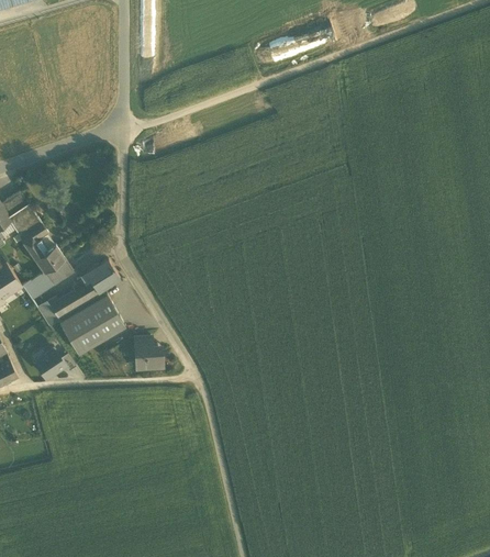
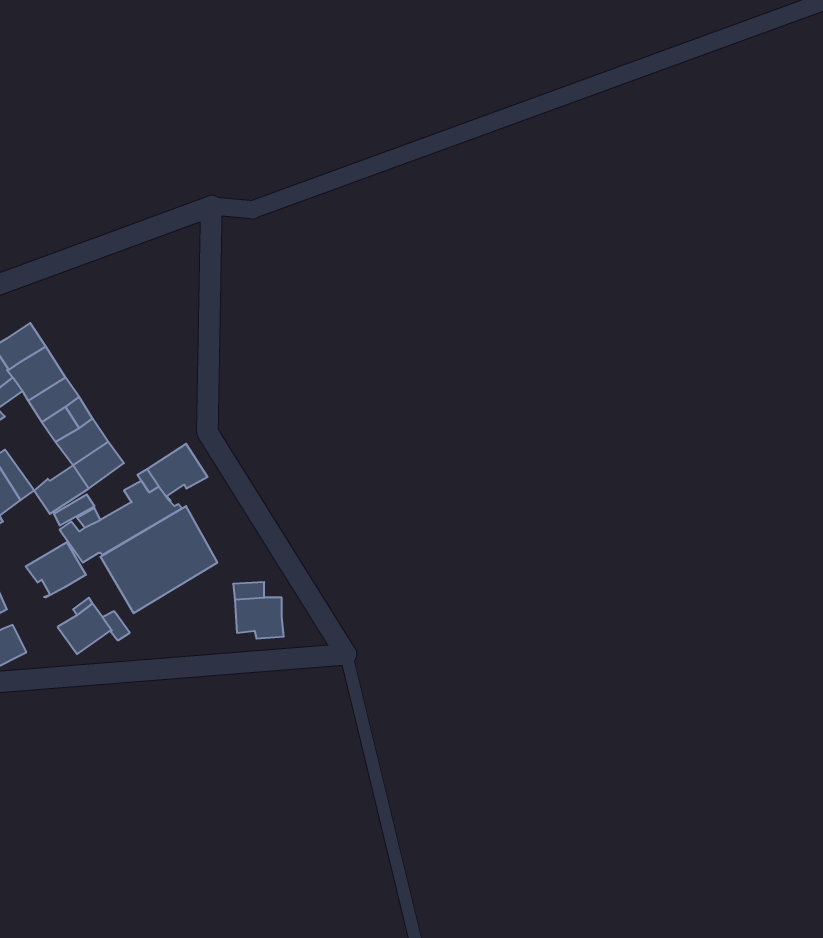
building: none -> [26,542,86,597]

